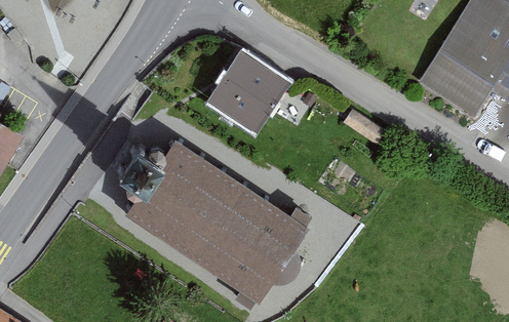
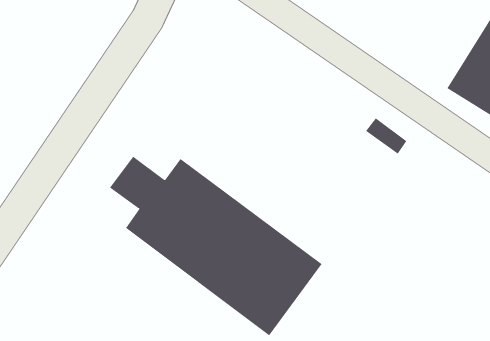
building: [207,51,284,127] -> none

